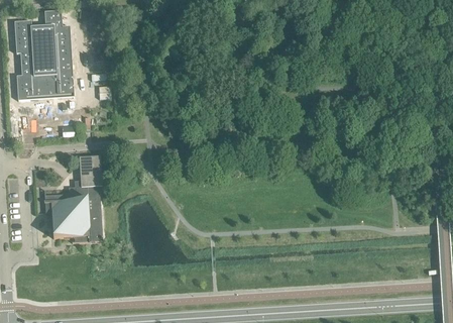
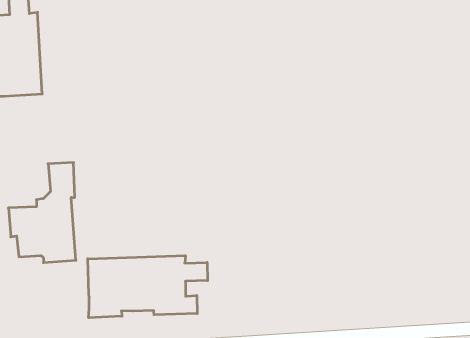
building: none -> [88,256,208,318]

